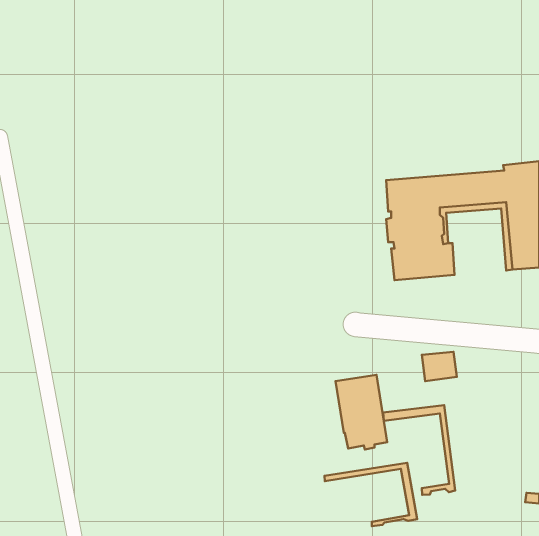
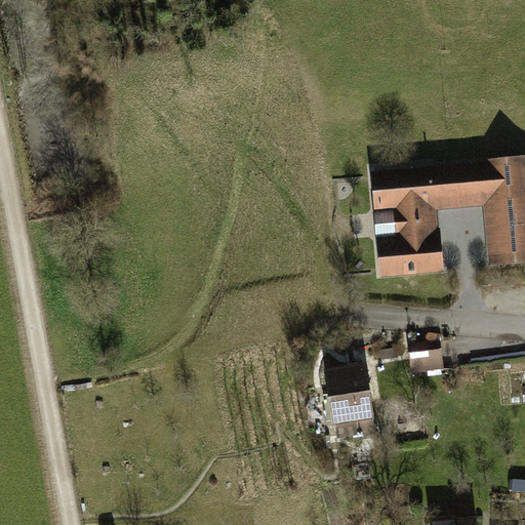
building: [383,405,455,495] -> none
building: [324,463,417,526] -> none

